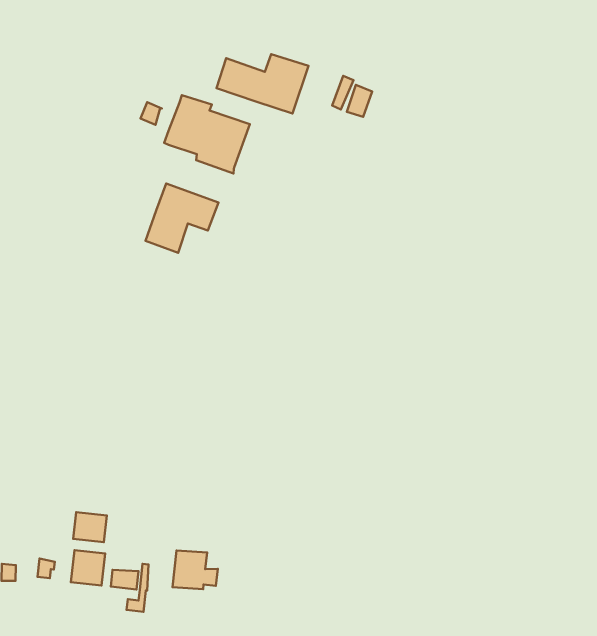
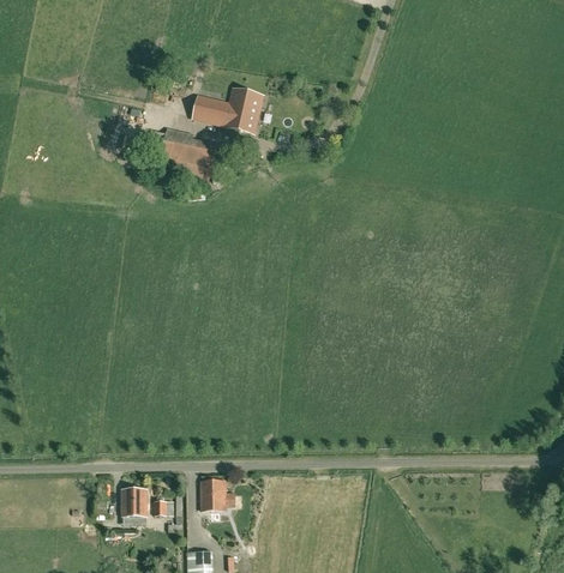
building: [146,184,219,253] -> none
building: [73,512,107,542] -> none

